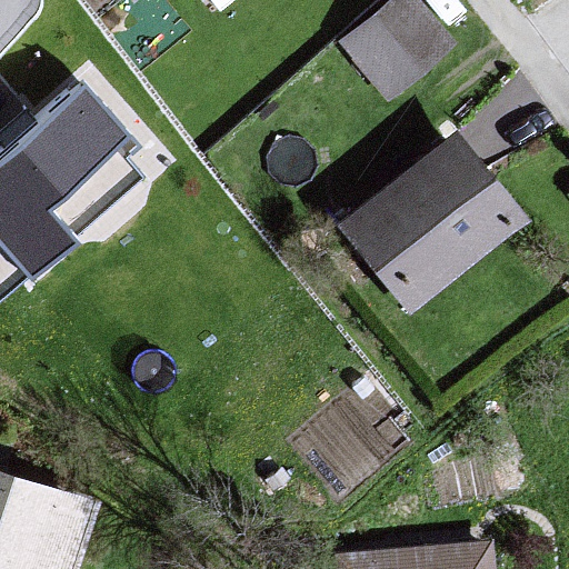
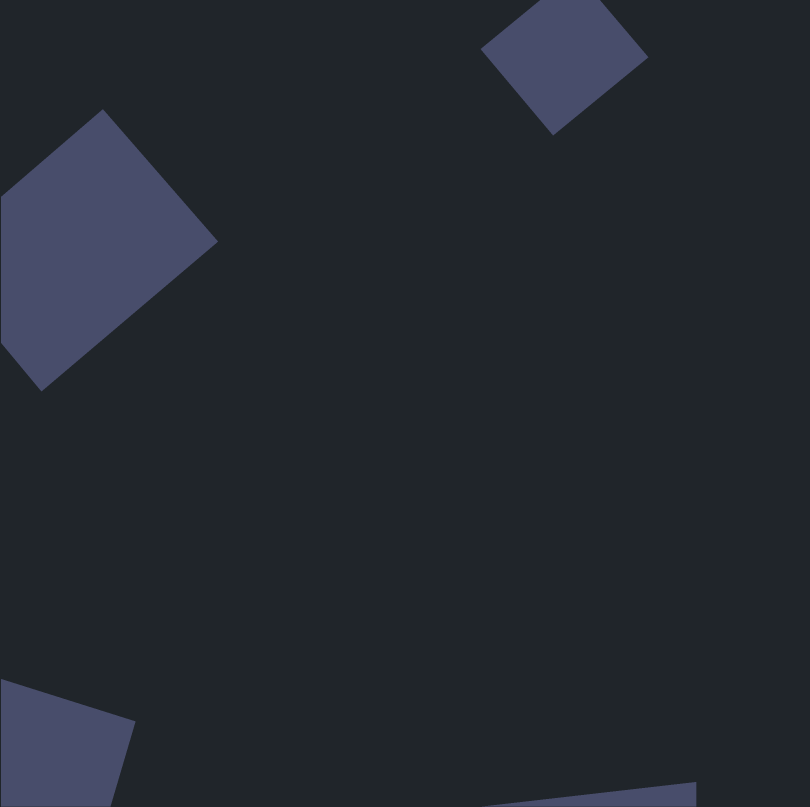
building: [329,132,522,326] -> none

